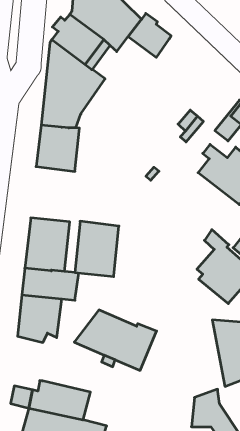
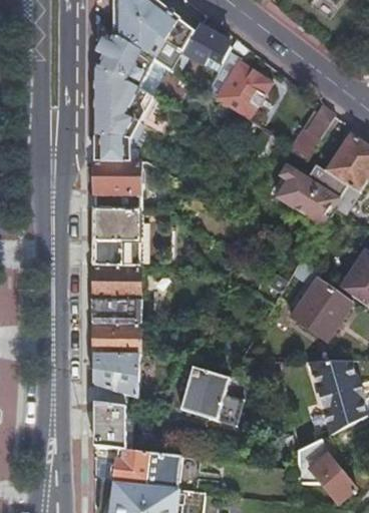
building: none -> [207,52,273,121]
building: [75,221,119,277] -> [95,210,139,269]
building: none -> [94,403,127,450]

